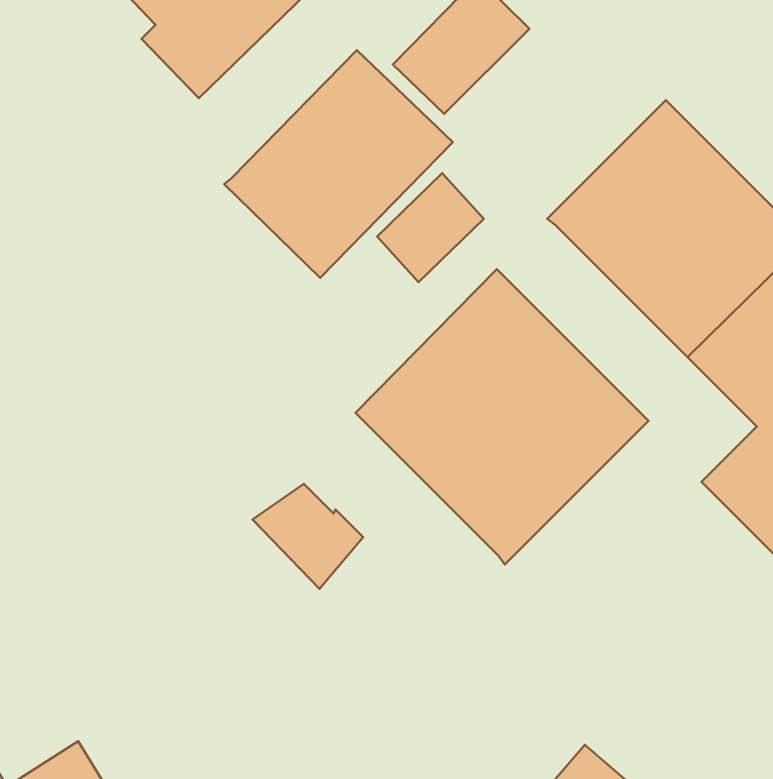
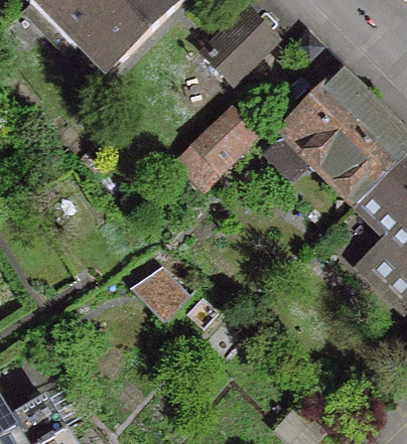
building: [224,50,453,278] -> none
building: [355,269,648,564] -> none

